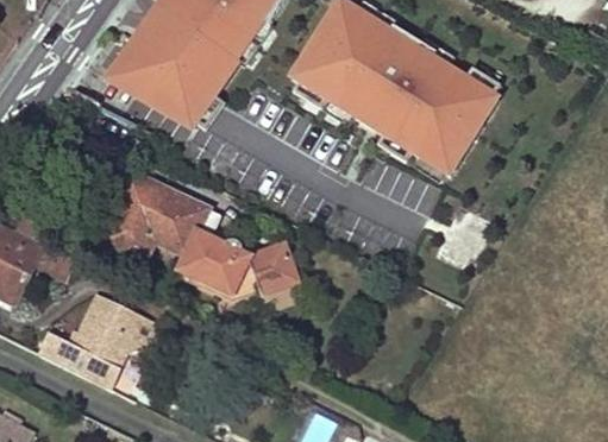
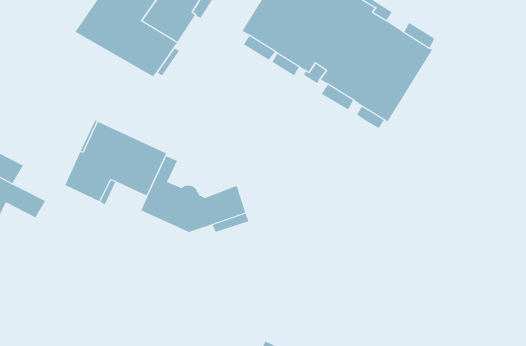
building: [38,292,143,385] -> none

